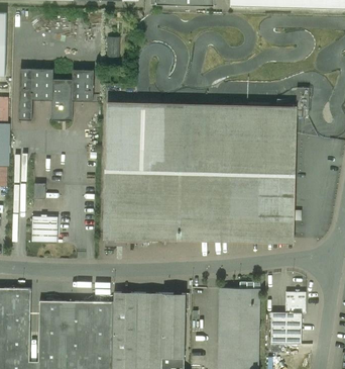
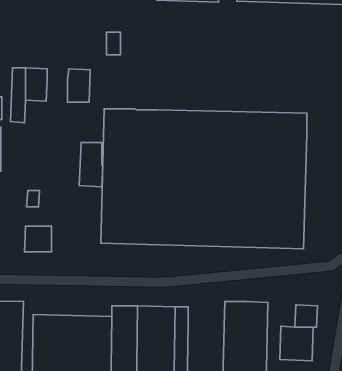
building: [50,80,73,121] -> [79,143,103,187]

